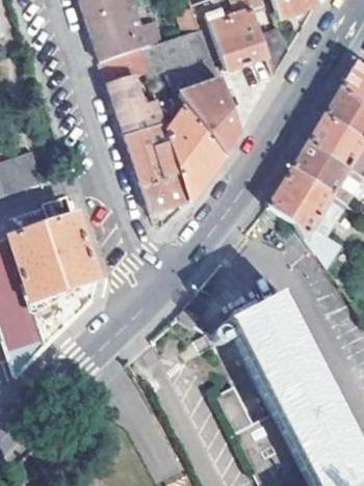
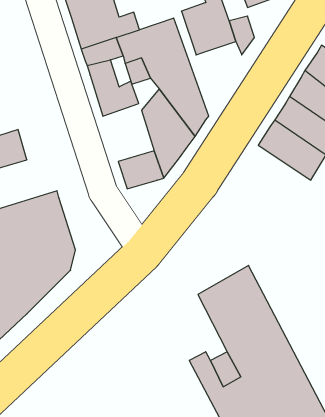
building: [125,119,180,182] -> none
building: [269,164,347,267] -> none

